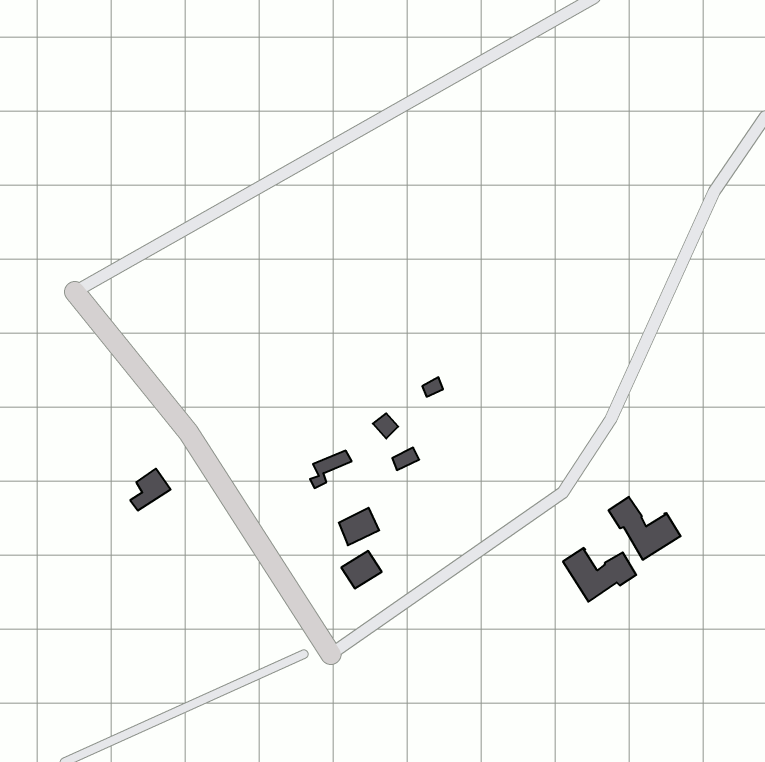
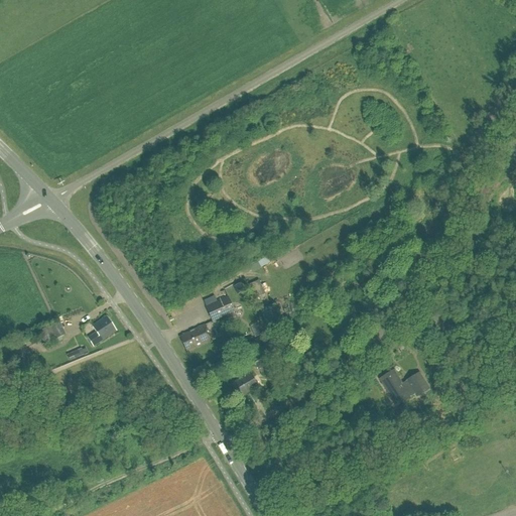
building: [609,497,681,560] -> none
building: [339,508,379,545] -> [180,325,208,350]

